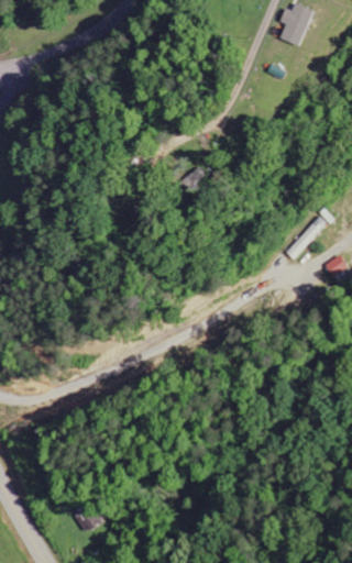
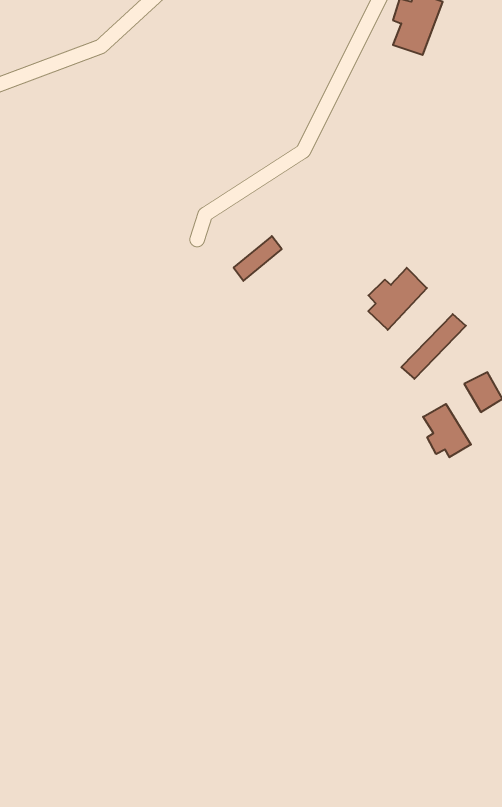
building: none -> [368,268,427,330]
building: none -> [423,404,471,457]

